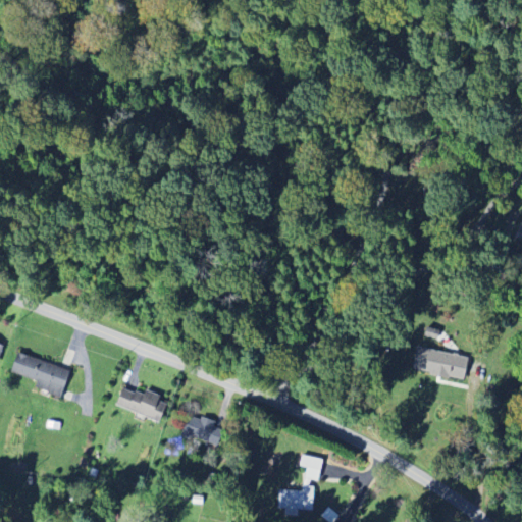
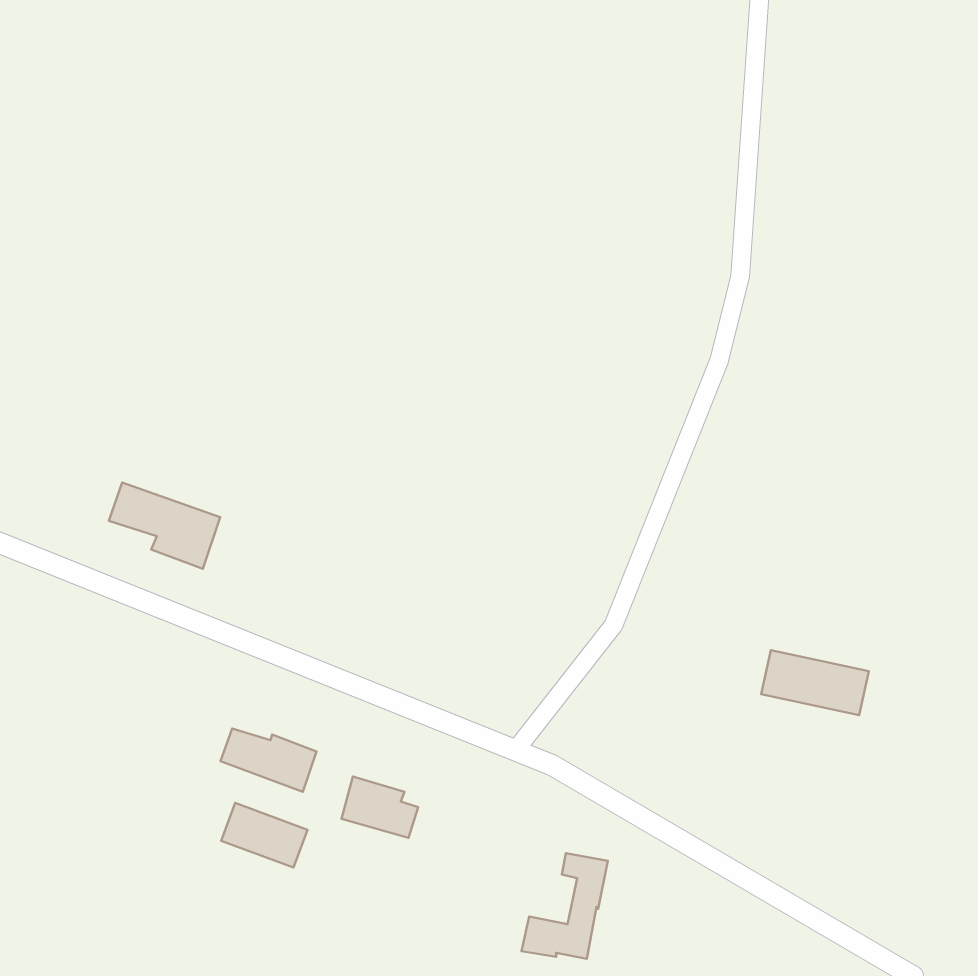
building: [12,351,71,397] -> [109,483,220,569]
building: none -> [221,803,307,868]

